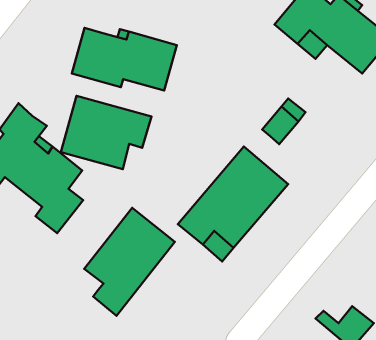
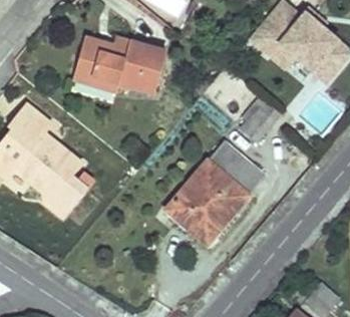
building: [61,96,151,169] -> none
building: [84,208,175,316] -> none

